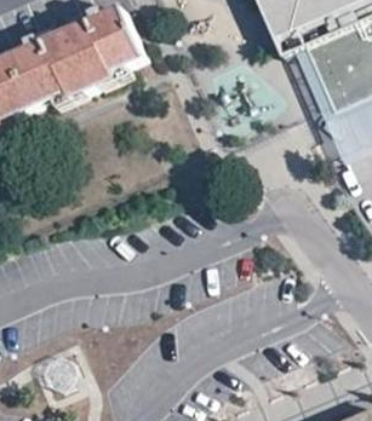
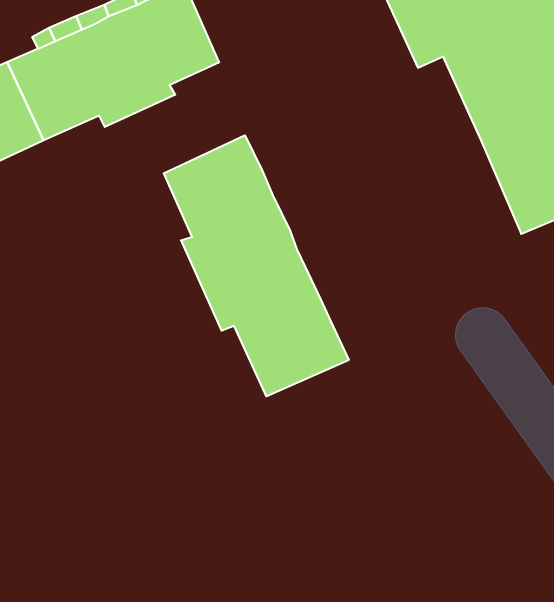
building: none -> [164,135,349,396]

